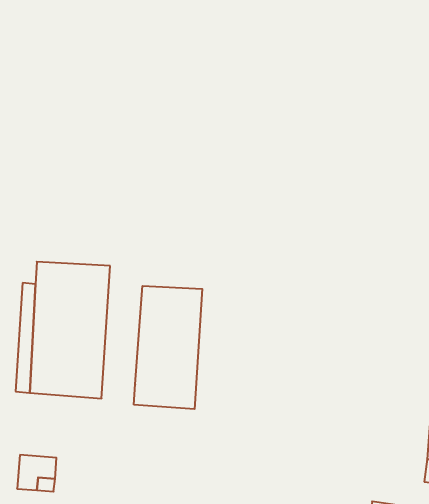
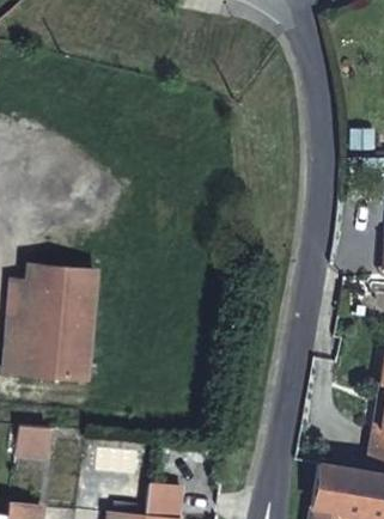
building: [134,286,202,409] -> none

